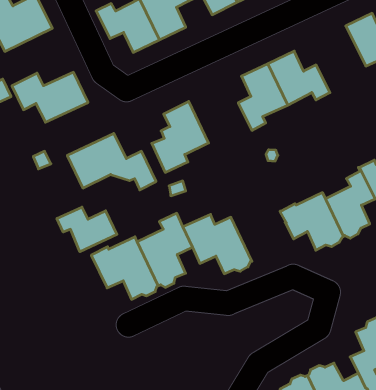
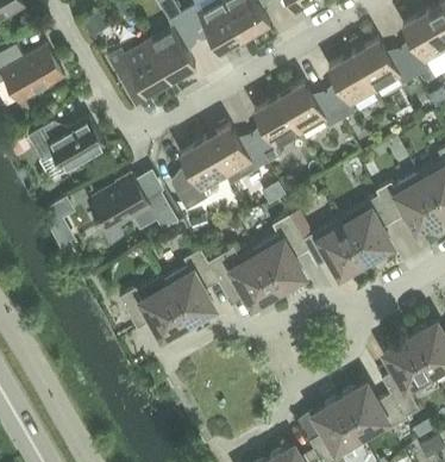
building: none -> [326,54,375,120]
building: none -> [203,125,268,179]
building: none -> [253,217,308,292]
building: [57,207,117,252] -> none

